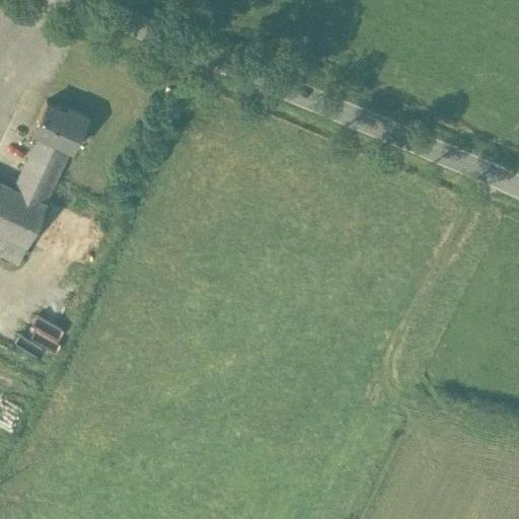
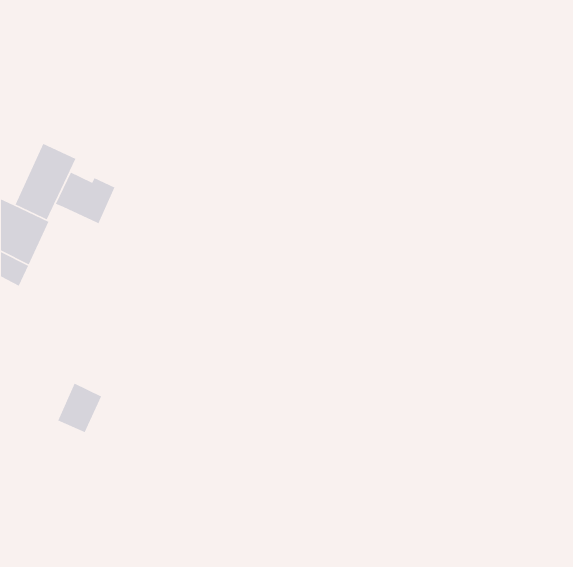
building: [32,103,87,151] -> [55,172,116,224]
building: [23,316,64,362] -> [57,383,102,433]

